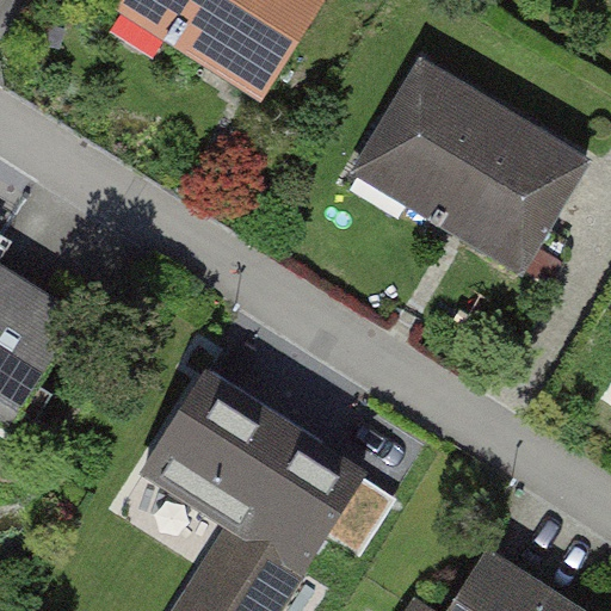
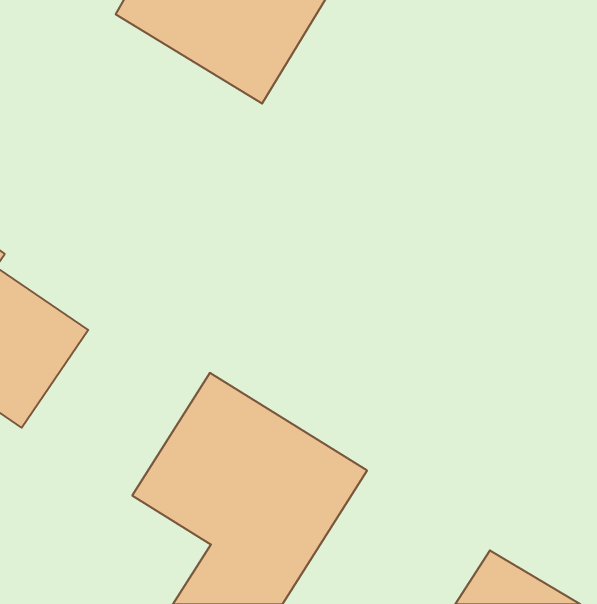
building: [346,54,590,274] -> none

